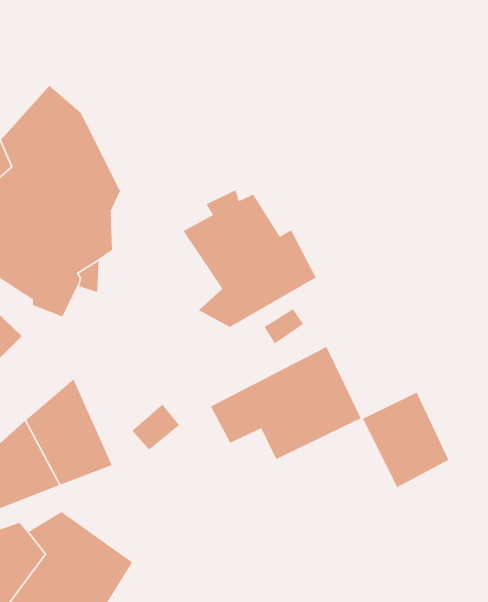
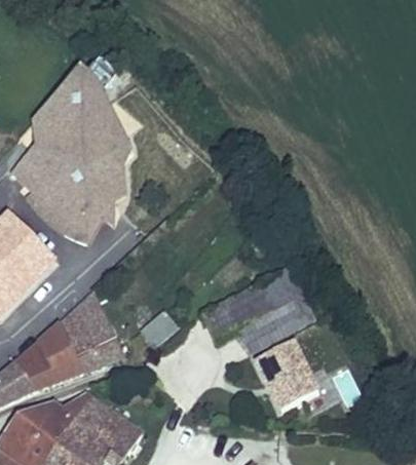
building: [183,189,317,328] -> none
building: [362,391,449,488] -> [252,338,318,412]

